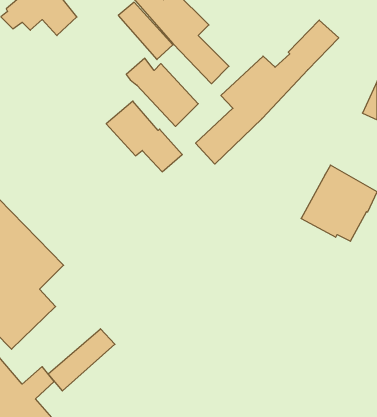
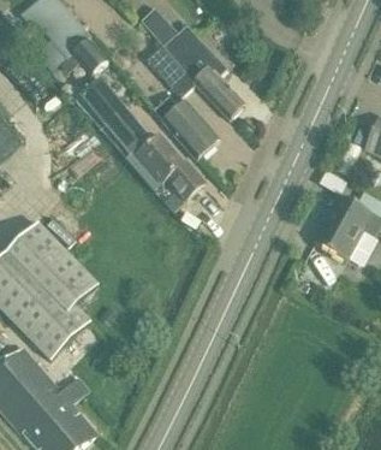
building: [196,20,339,164] -> none
building: none -> [78,75,149,152]
building: [48,329,115,391] -> none

